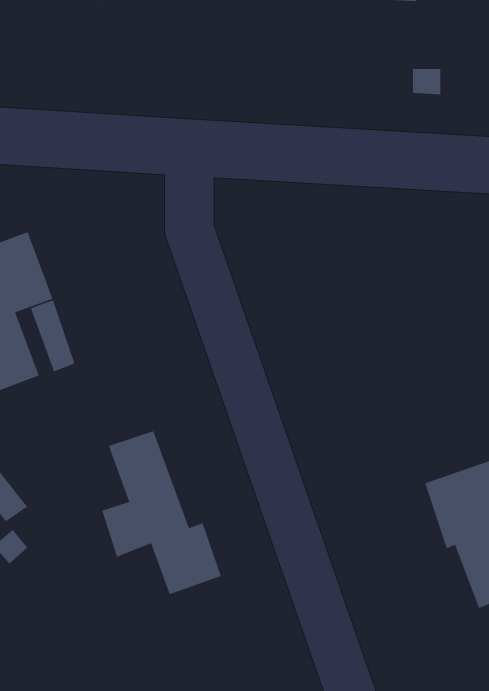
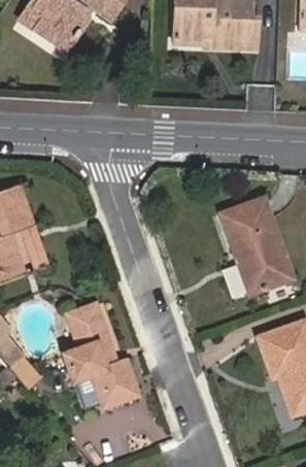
building: none -> [224,198,292,291]

